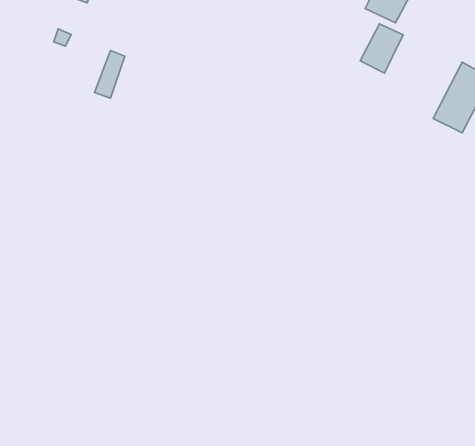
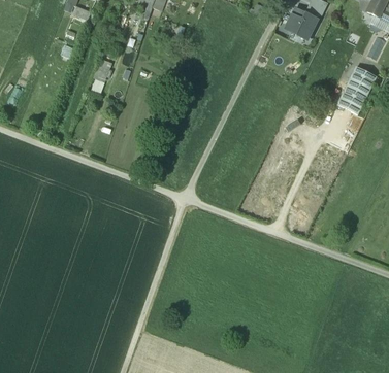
building: [360,24,403,73] -> none

